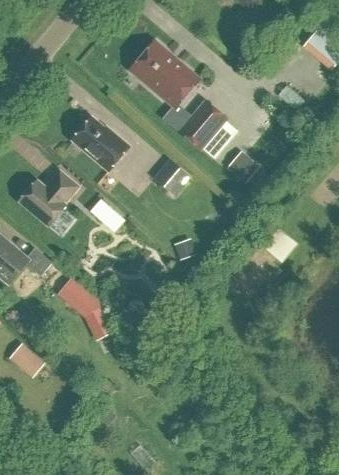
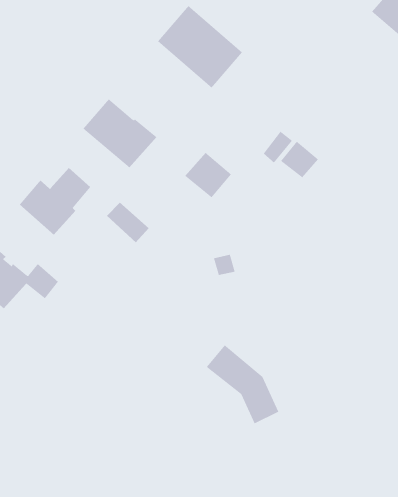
building: [179,100,227,148] -> none
building: [56,277,115,341] -> [206,344,279,424]
building: [11,343,46,376] -> none

